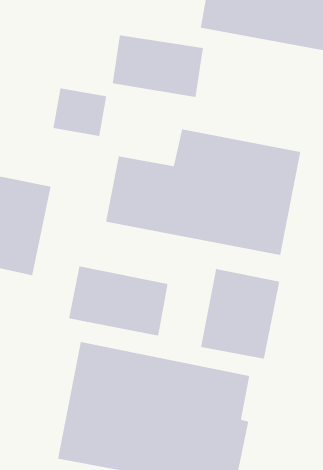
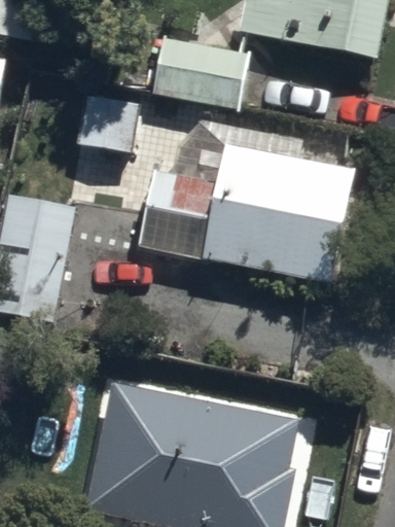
building: [68,265,168,336] -> none
building: [200,268,280,359] -> none

